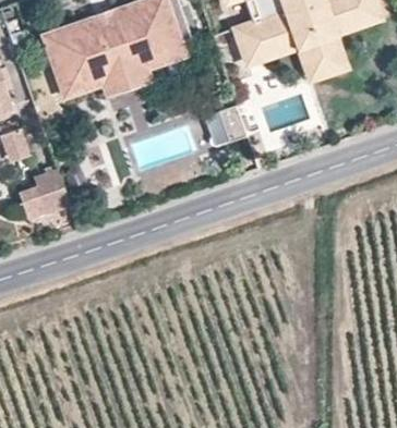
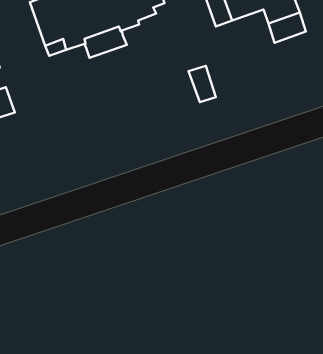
building: [32,168,69,212] -> none

